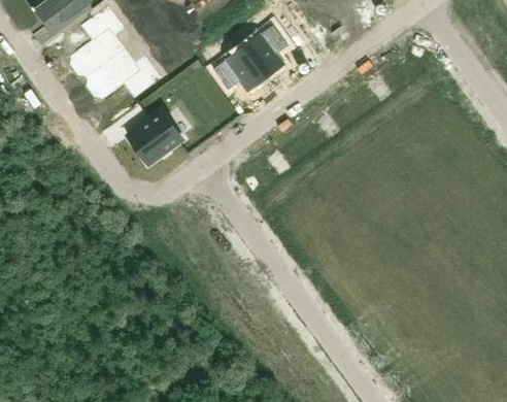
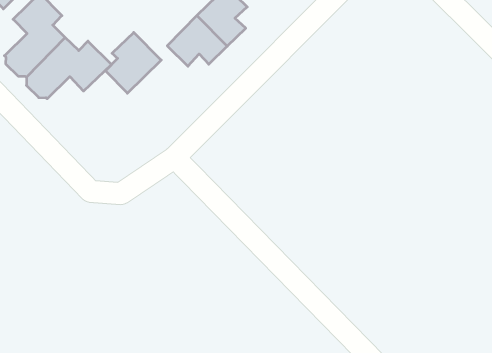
building: [132,111,182,164] -> [105,32,161,93]

